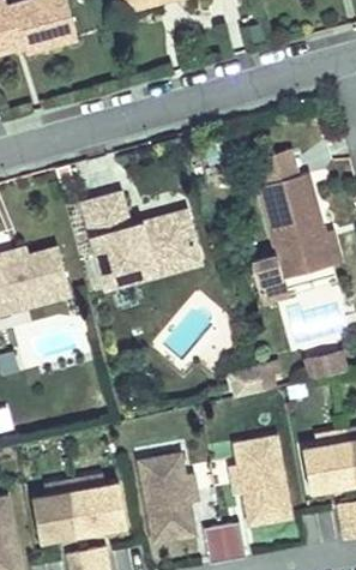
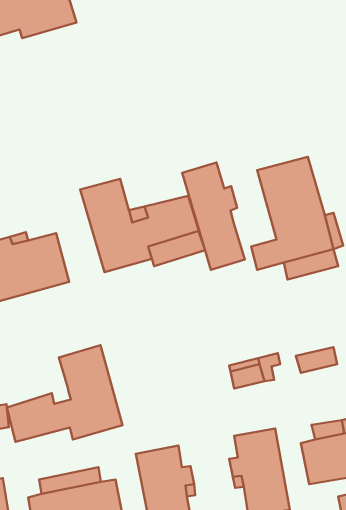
building: none -> [182,162,245,270]
building: none -> [7,345,122,442]

